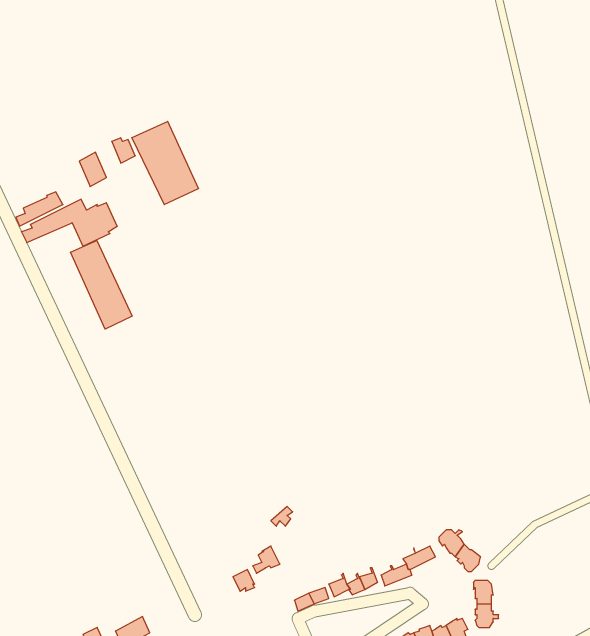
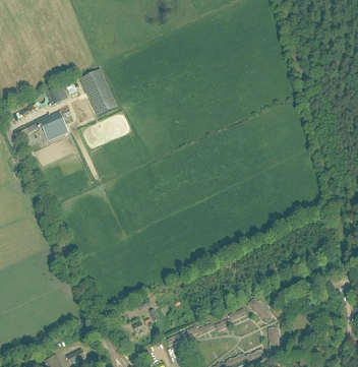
building: [71,240,132,329] -> none

